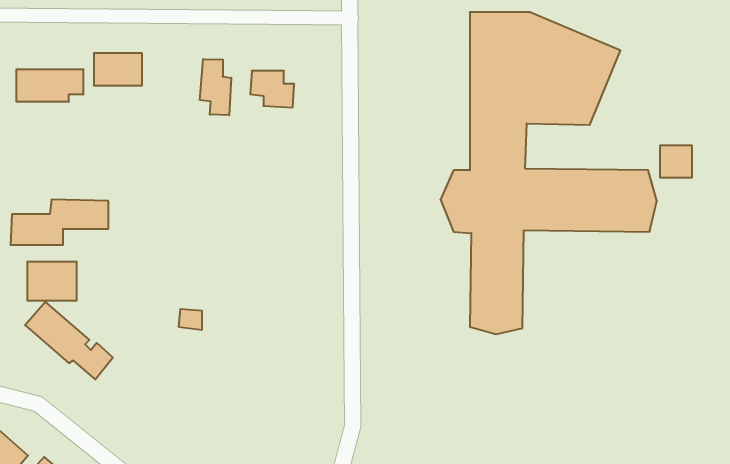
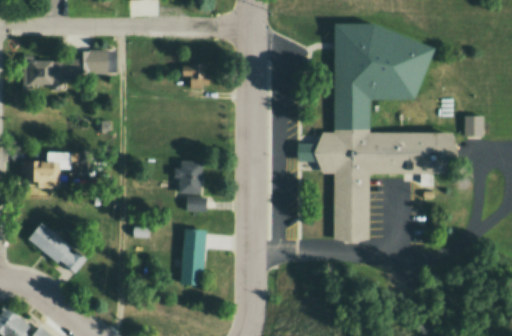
building: [200,59,231,115] -> none
building: none -> [178,160,209,210]
building: [27,262,77,301] -> none
building: none -> [180,229,206,285]

